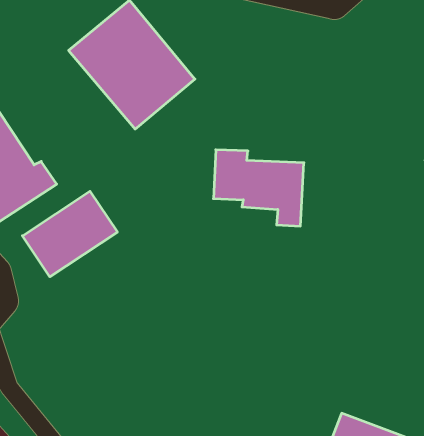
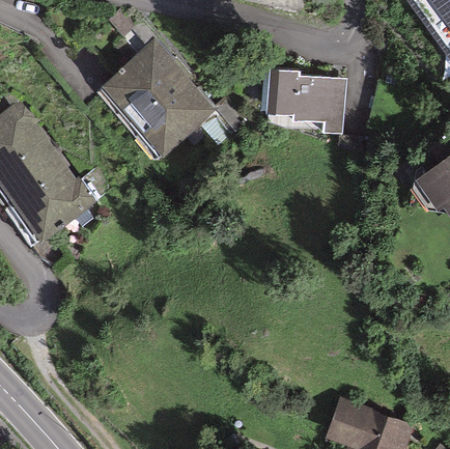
building: [213,150,304,226] -> [268,68,346,135]
building: [22,191,117,277] -> none

